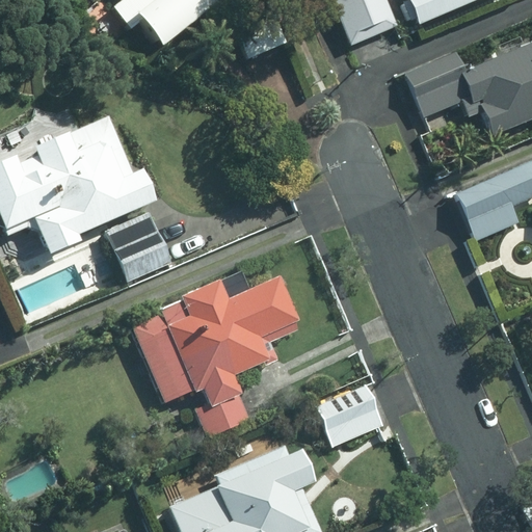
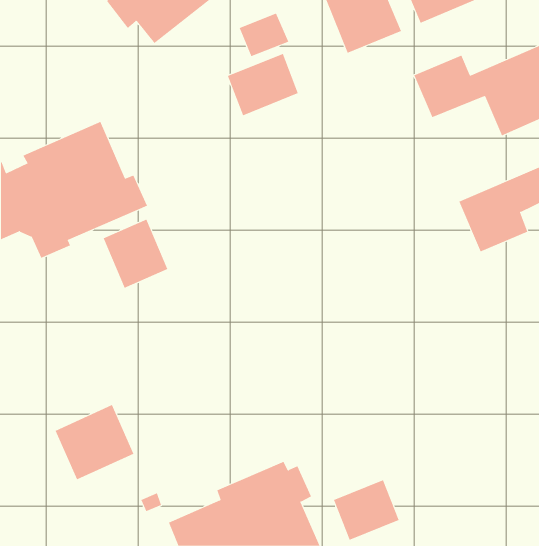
building: none -> [227,53,299,116]
building: [134,272,298,443] -> none
building: [318,385,382,445] -> [333,479,400,541]
building: none -> [55,404,134,480]

